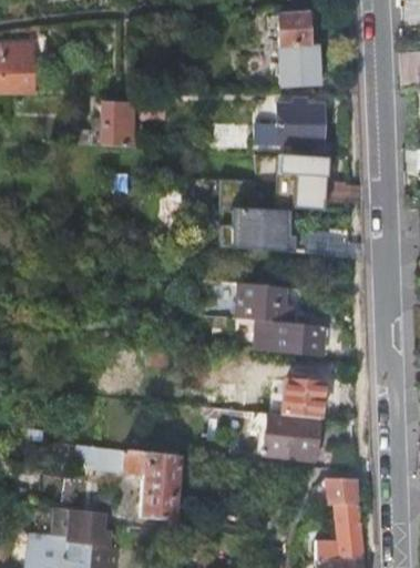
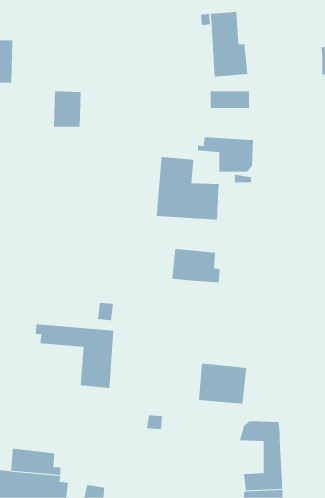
building: [256,123,325,150] -> none
building: [255,318,325,352] -> none
building: [283,378,325,417] -> none
building: [89,447,178,520] -> [35,324,114,388]

